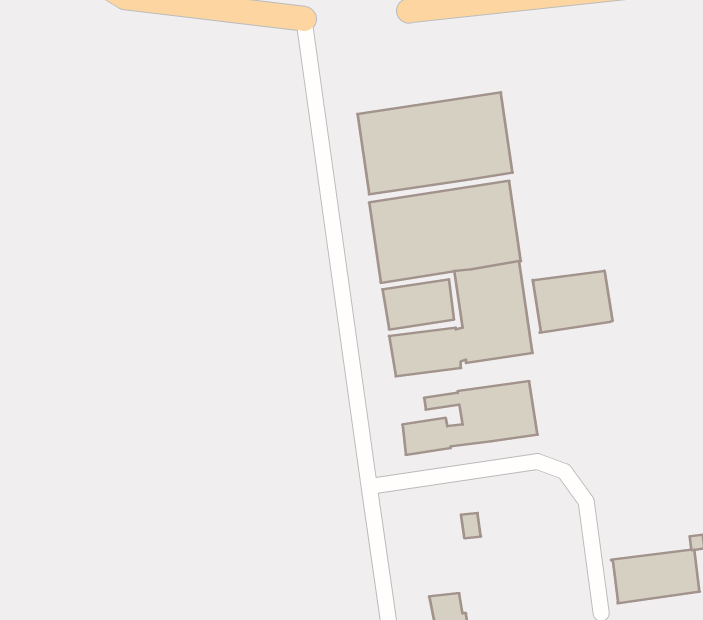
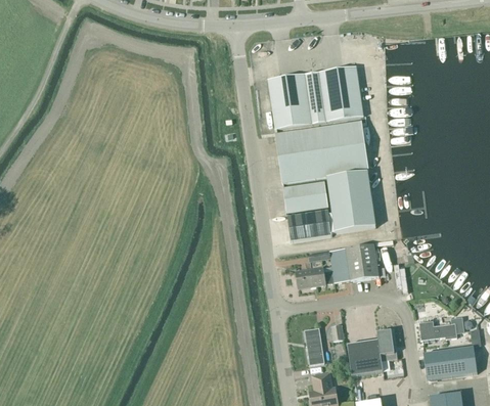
building: [533,271,612,333] -> none
building: none -> [419,315,464,339]
building: none -> [305,326,324,363]
building: none -> [347,328,398,374]

